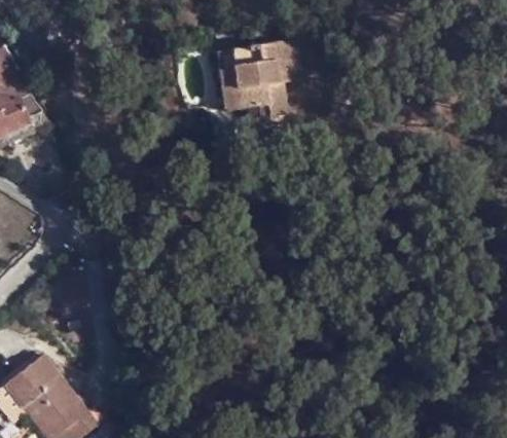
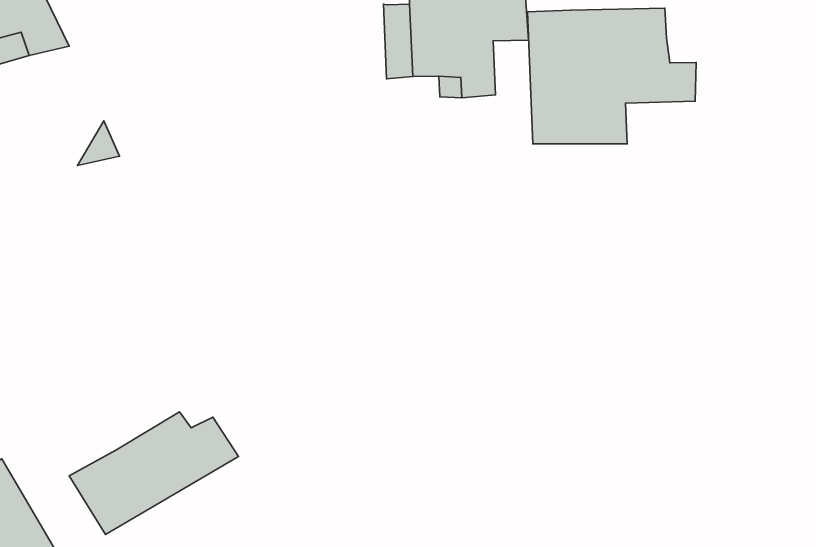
building: none -> [527,8,696,144]
building: none -> [69,412,238,535]

